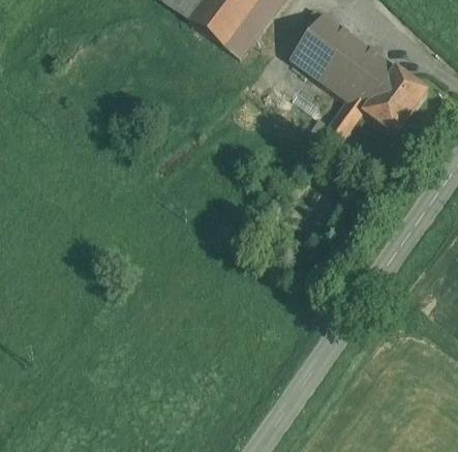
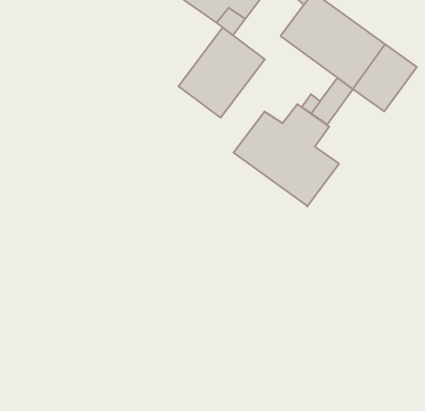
building: none -> [178,27,265,117]
building: none -> [234,104,339,207]

